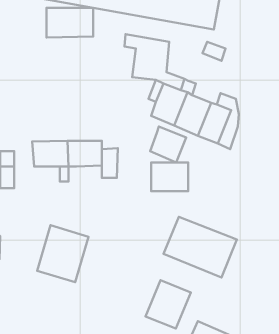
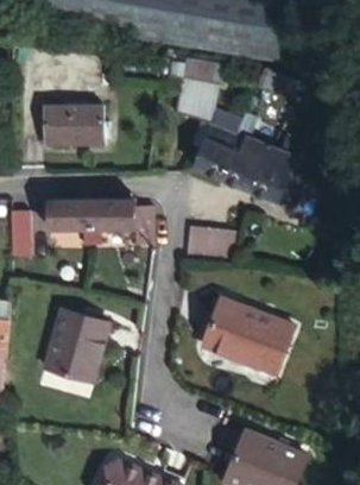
building: [47,8,93,37] -> [38,108,96,145]
building: [150,127,186,163] -> none
building: [146,280,191,329] -> none

